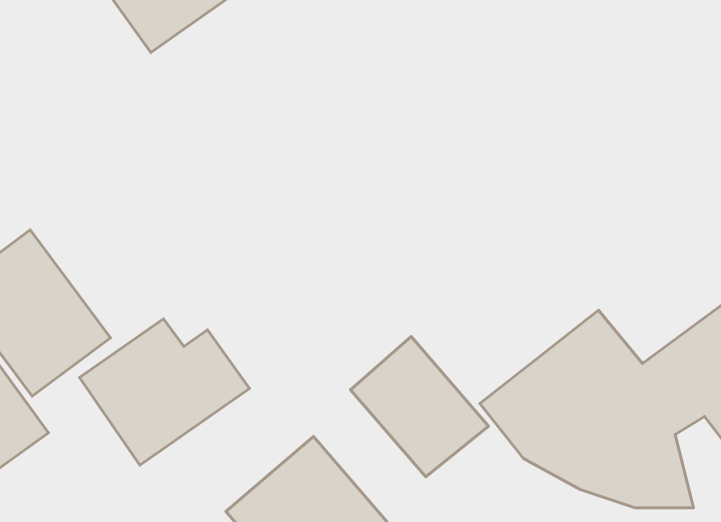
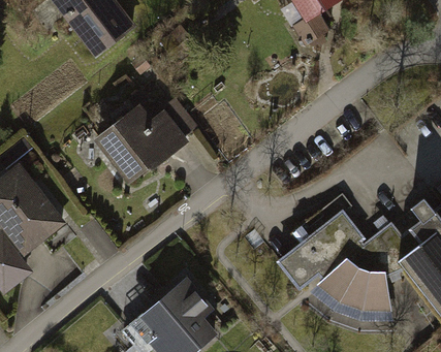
building: [80,319,249,465] -> [94,103,190,186]
building: [350,337,488,477] -> none

